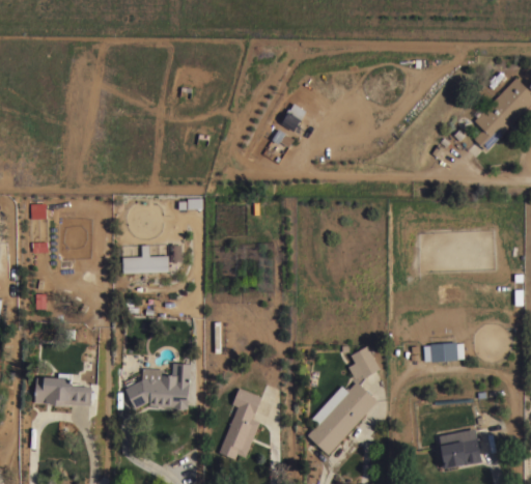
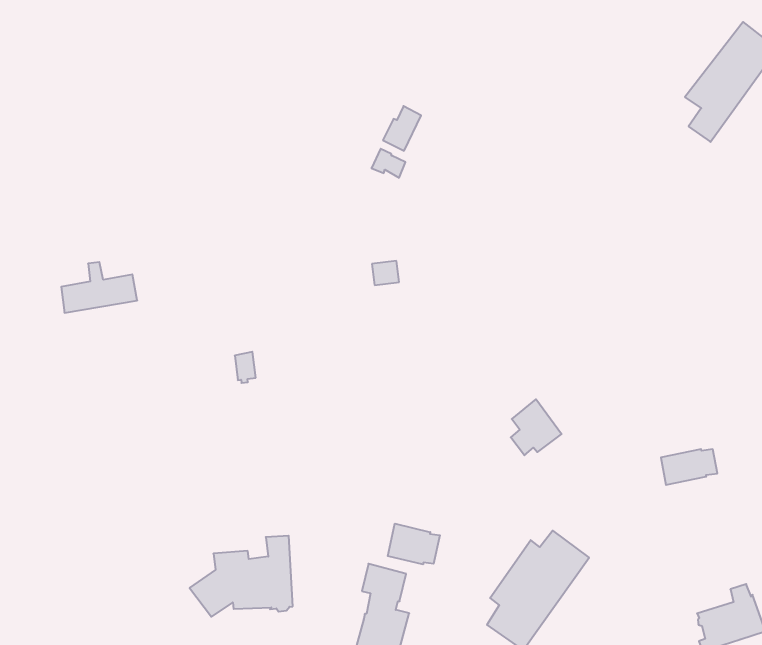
building: [123,246,170,275] -> [61,262,137,313]
building: [348,345,381,379] -> [511,399,562,455]
building: none -> [388,524,440,564]
building: [35,373,95,405] -> none

